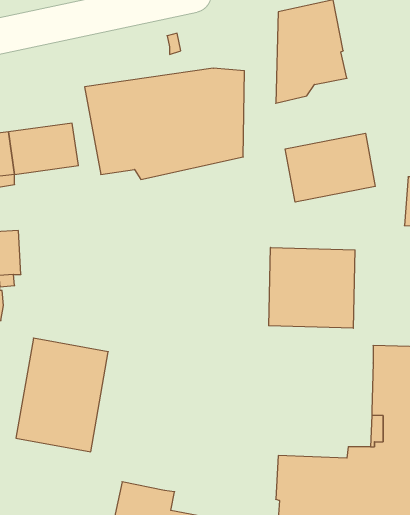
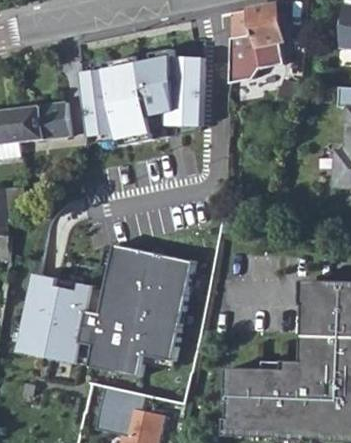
building: [285,133,375,202] -> none
building: [269,247,355,328] -> none
building: none -> [93,247,194,377]

